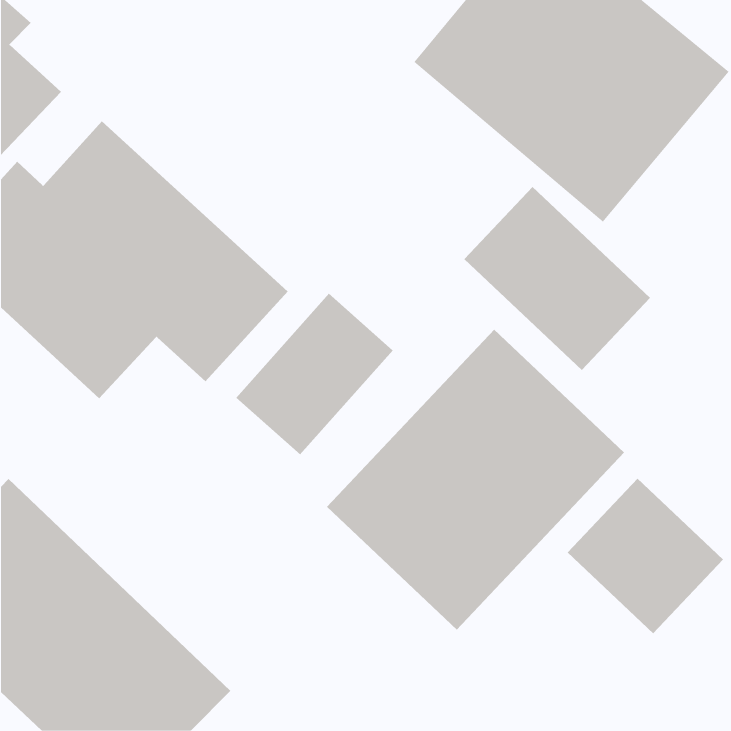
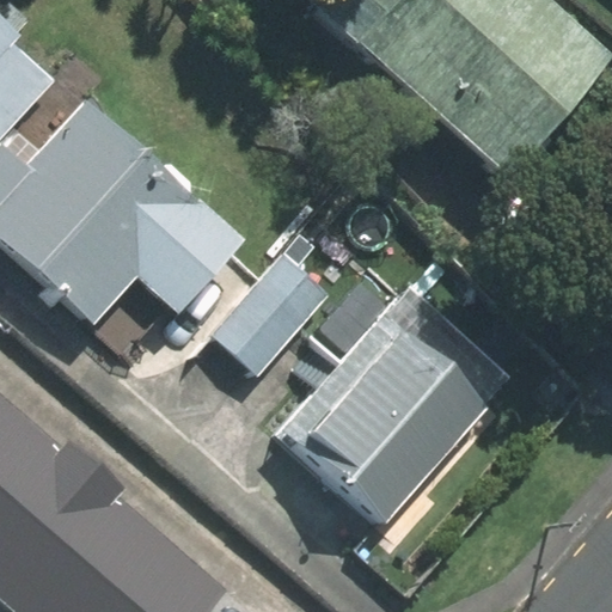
building: [463,186,651,371] -> none
building: [567,478,724,634] -> none

